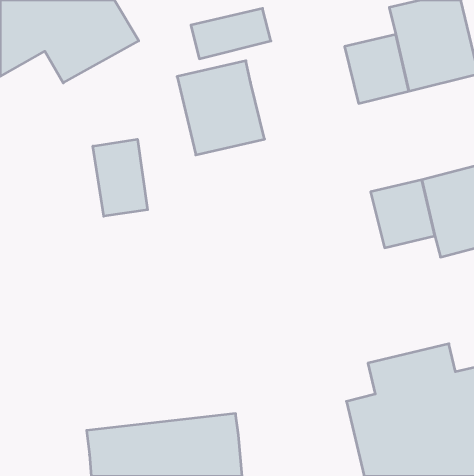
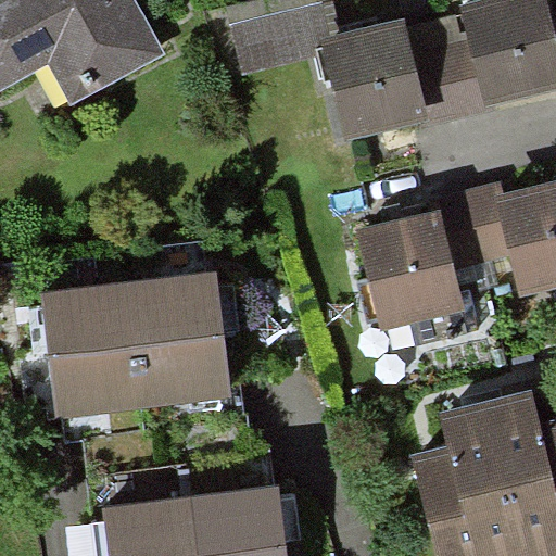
building: [177,61,265,155] -> [318,29,420,139]
building: [93,139,148,216] -> none
building: none -> [353,224,458,340]
building: none -> [48,277,235,413]

